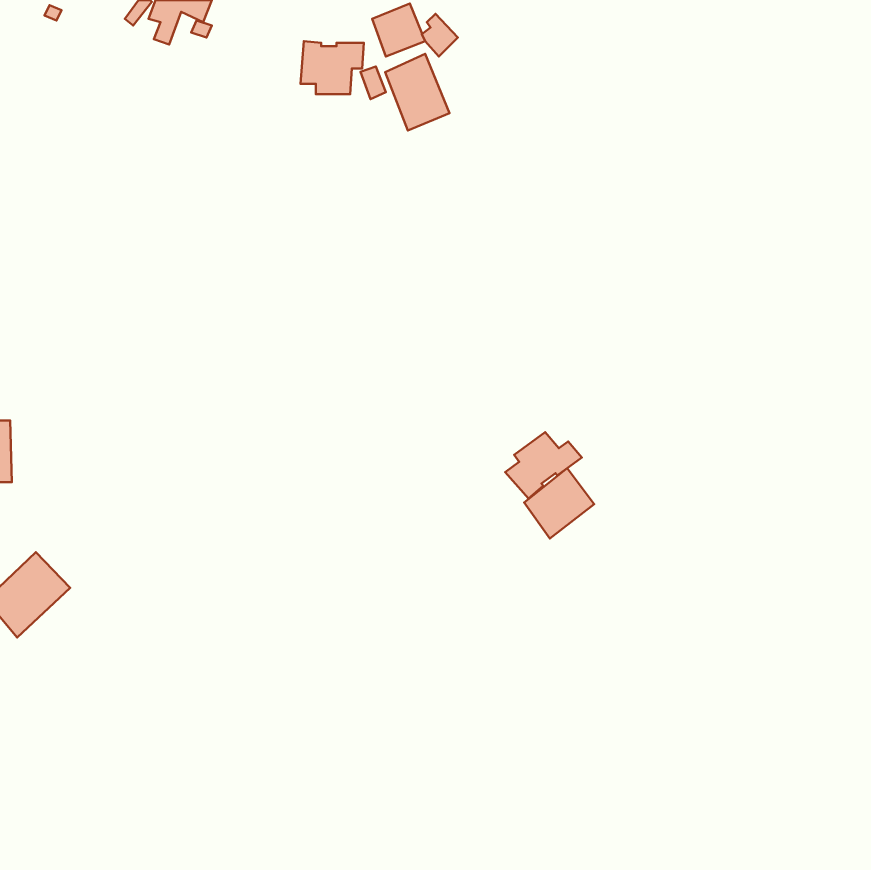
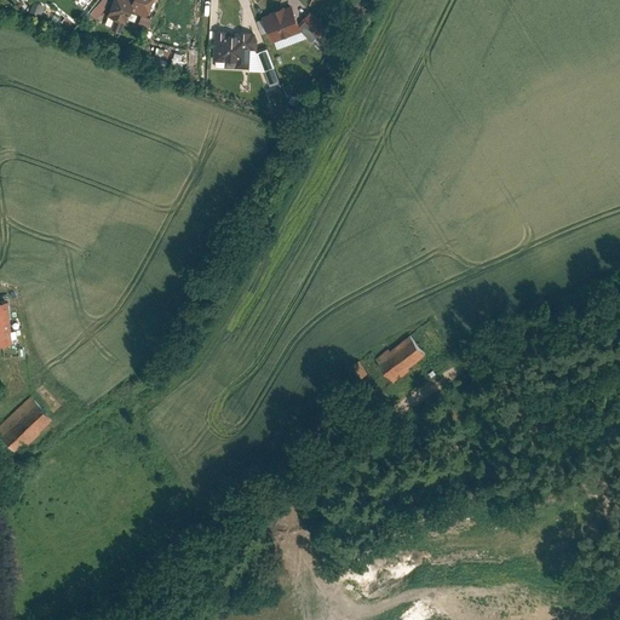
building: [385,54,449,131] -> none
building: [505,432,582,498] -> none

